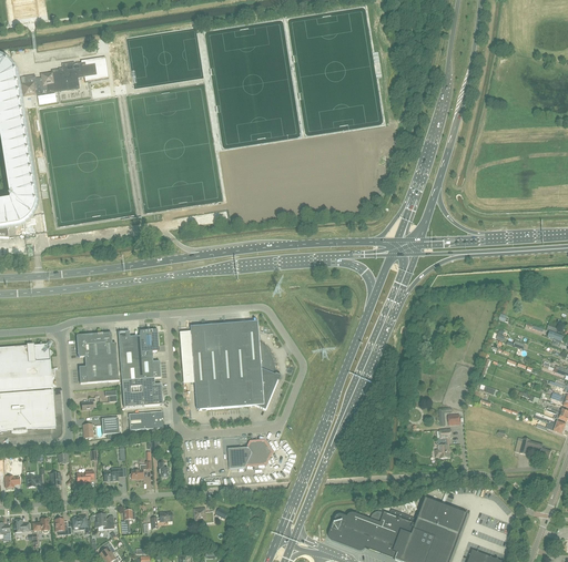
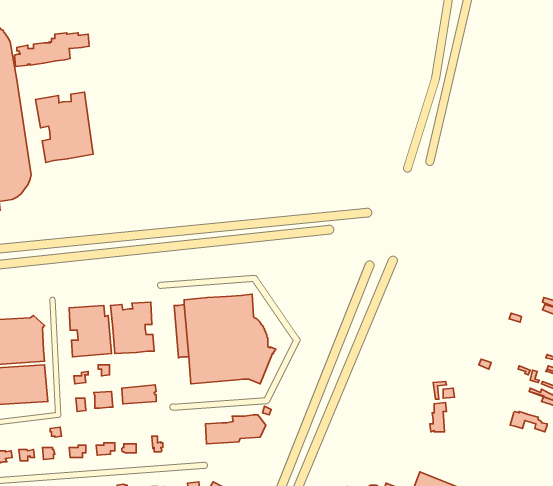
building: none -> [36,92,93,162]
building: [121,377,161,407] -> none

